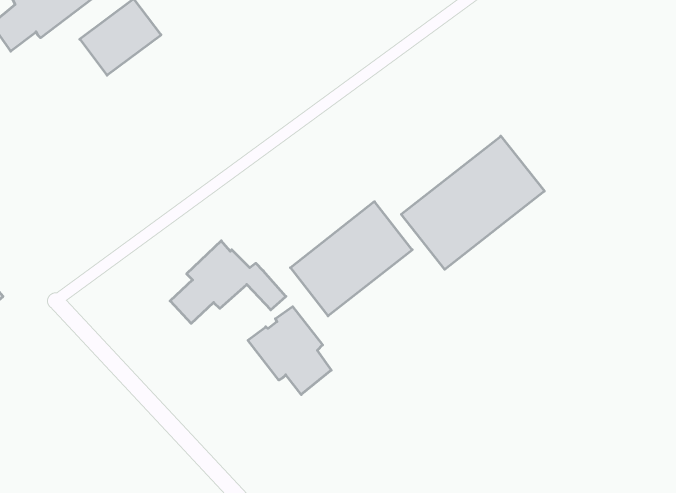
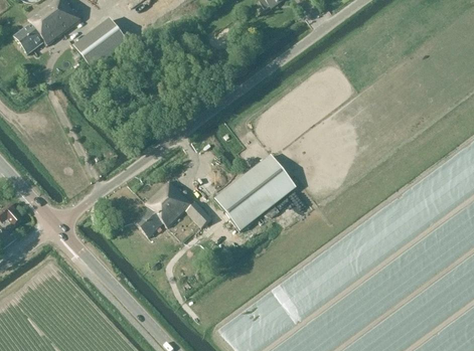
building: [401,136,544,269] -> none
building: [248,307,331,395] -> none

